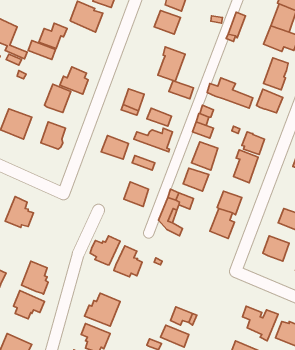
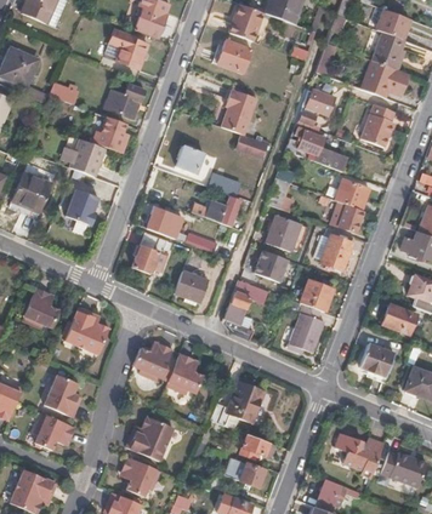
building: [39,23,67,49] -> [109,82,147,116]
building: none -> [297,88,336,127]
building: [256,89,283,113] -> [336,177,371,209]
building: none -> [136,232,171,270]
building: none -> [61,305,107,354]
building: none -> [209,381,265,426]

